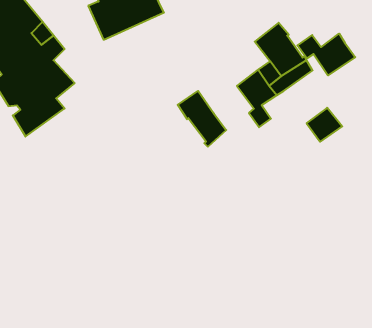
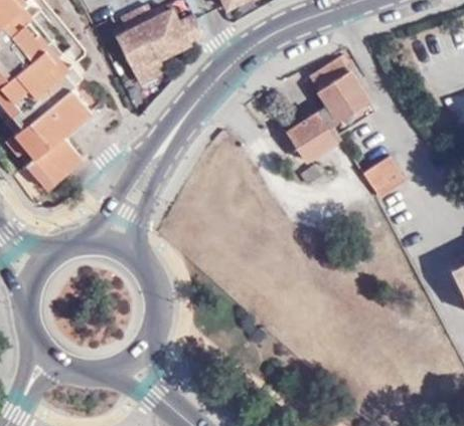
building: [297,34,355,75] -> none
building: [178,91,226,147] -> none

